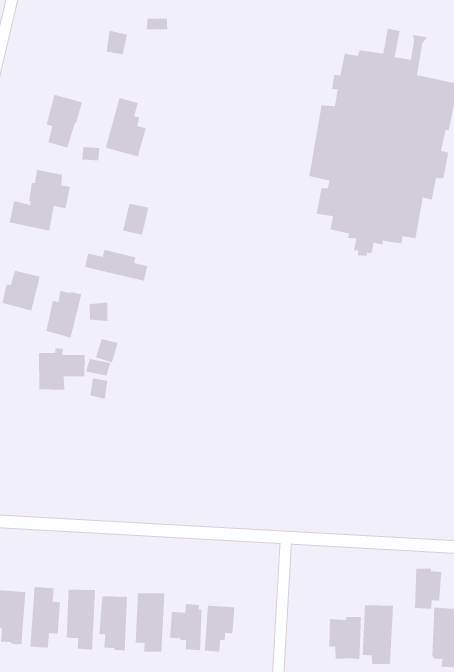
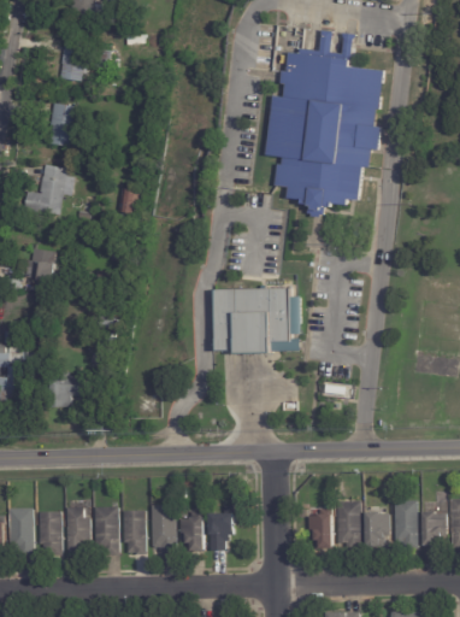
building: none -> [58,45,85,82]
building: [105,97,147,157] -> none
building: [85,249,148,281] -> none
building: [46,290,82,338] -> none
building: none -> [216,289,300,354]
building: [38,348,85,390] -> [48,372,88,407]
building: [414,568,442,609] -> [366,510,388,543]

